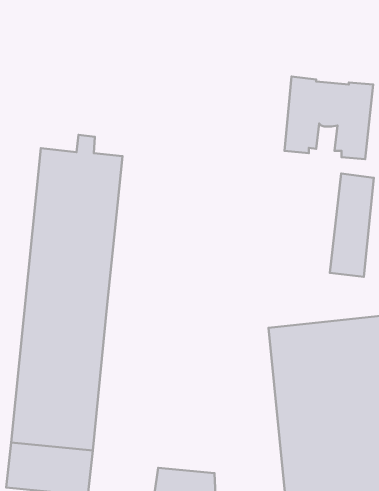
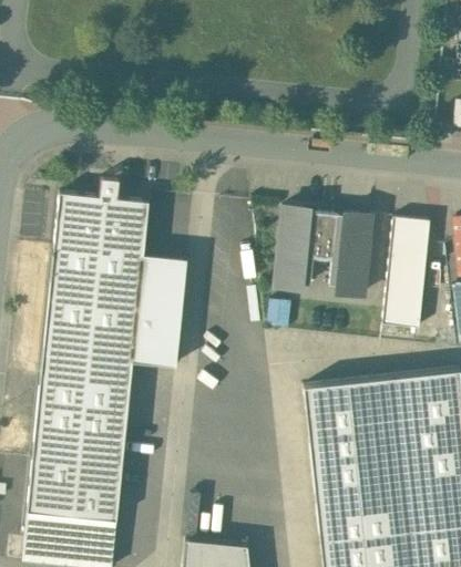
building: [284,76,373,159] -> [275,206,371,296]
building: none -> [132,255,186,367]

